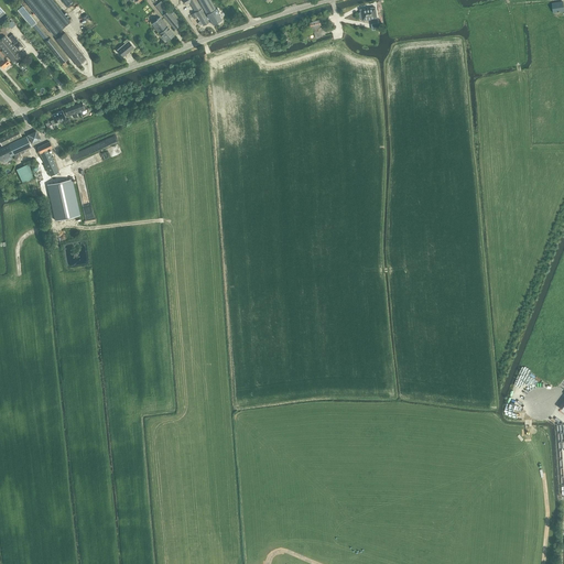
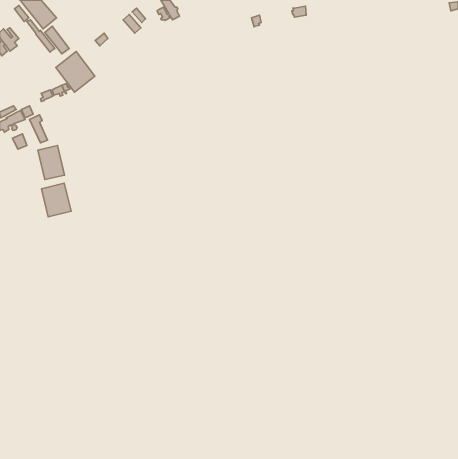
building: none -> [56,52,95,92]
building: none -> [41,183,71,217]

